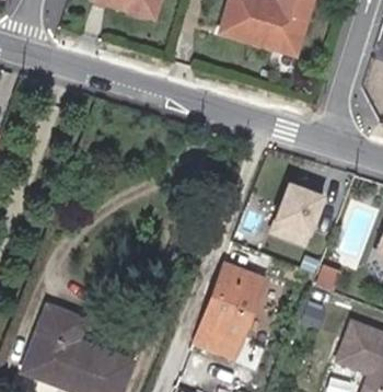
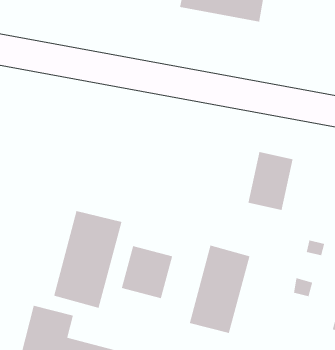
building: none -> [53,210,122,309]
building: none -> [121,245,173,299]

